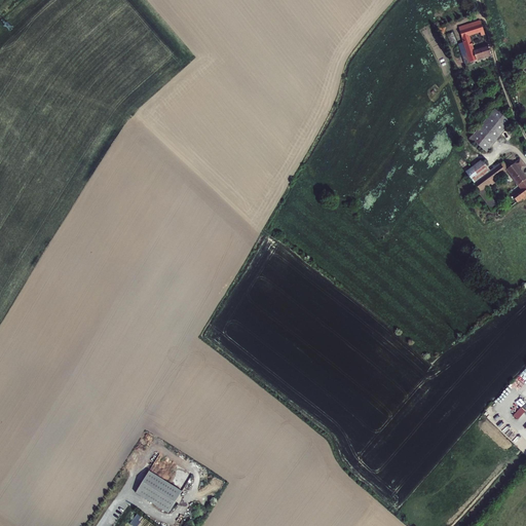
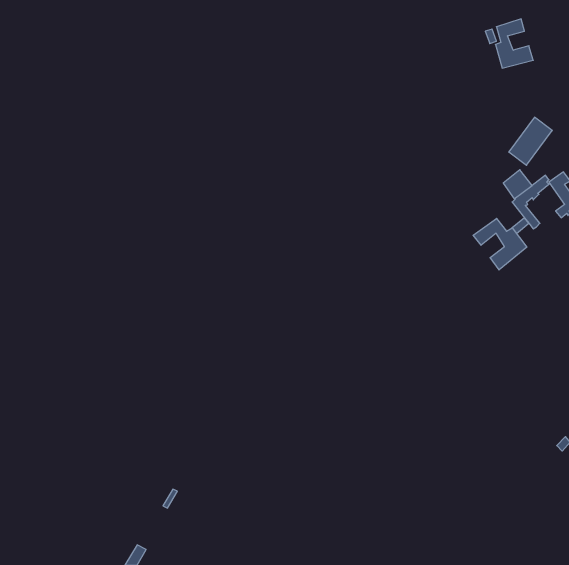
building: none -> [473,218,527,270]
building: [136,471,182,513] -> none

